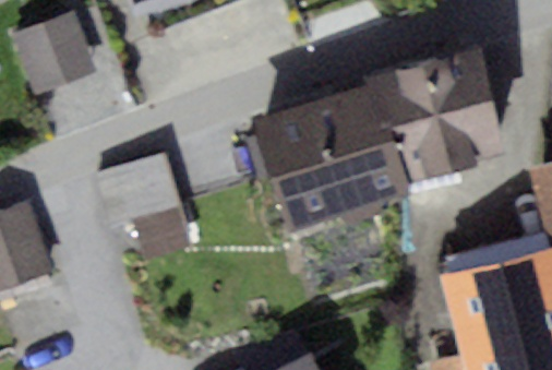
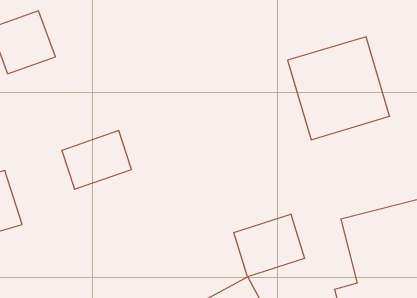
building: [259,84,407,226] -> none
building: none -> [234,214,304,277]

